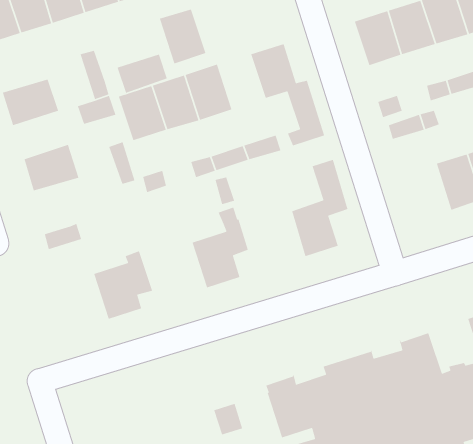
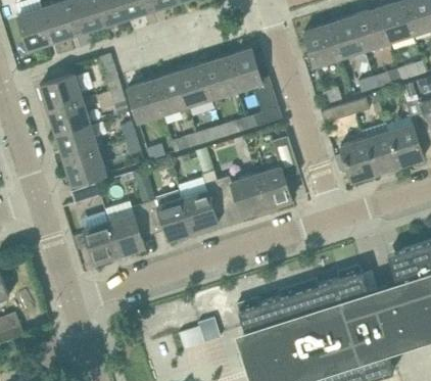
building: [159,9,207,65] -> [201,57,237,99]
building: [116,53,168,94] -> none
building: none -> [48,100,90,136]
building: none -> [340,139,376,182]
building: none -> [63,150,106,186]
building: none -> [218,175,267,218]
building: none -> [143,198,193,241]
building: none -> [84,222,119,265]

